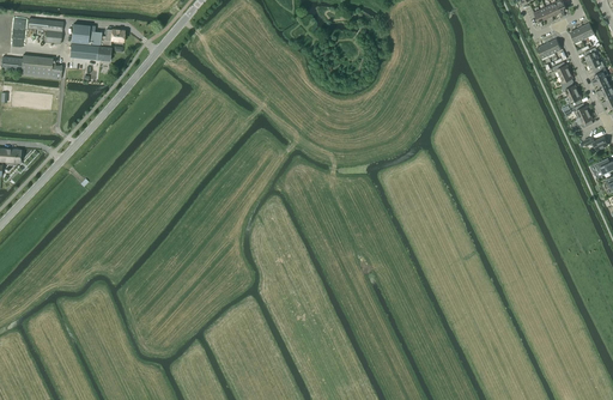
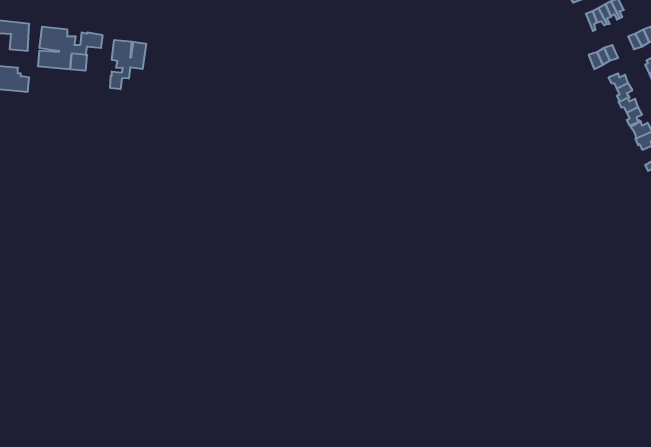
building: none -> [110,40,146,89]

